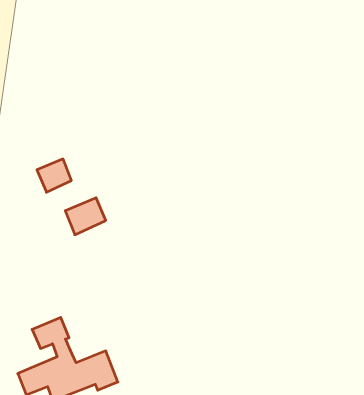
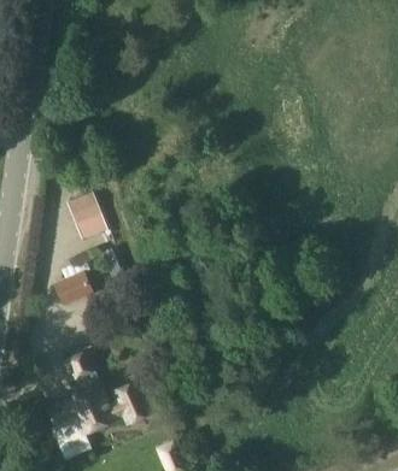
building: [65,198,106,235] -> [52,273,93,311]

